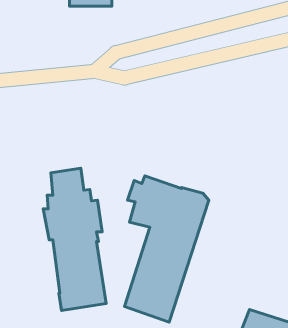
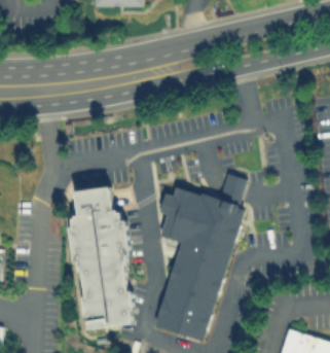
building: none -> [216,173,248,206]

